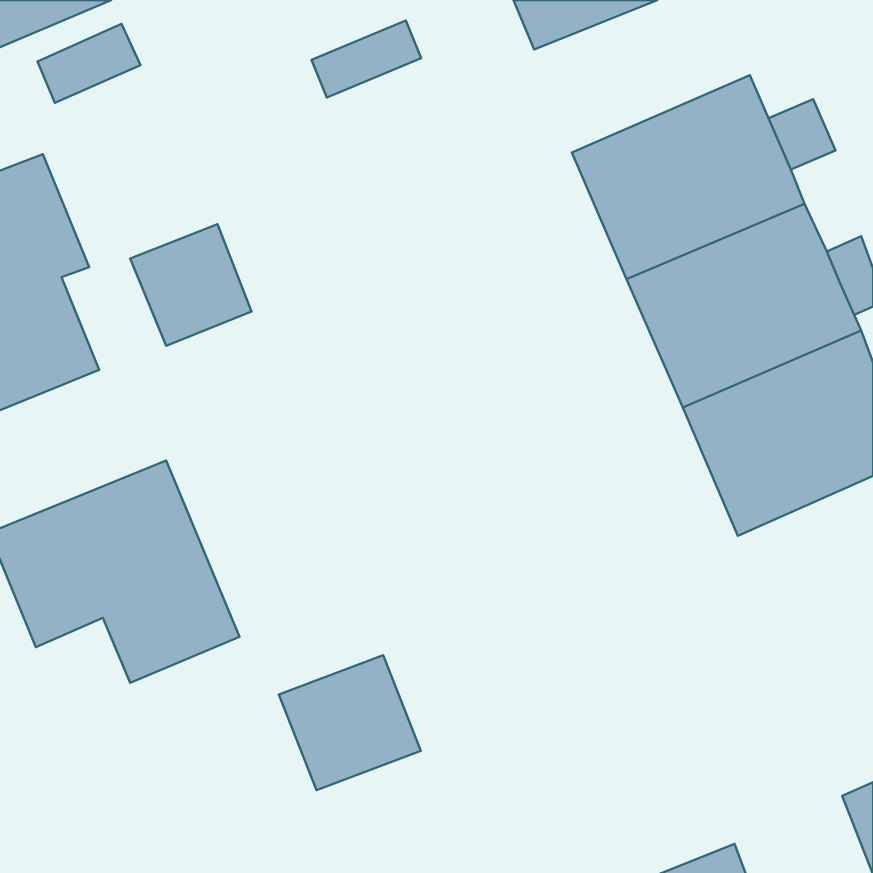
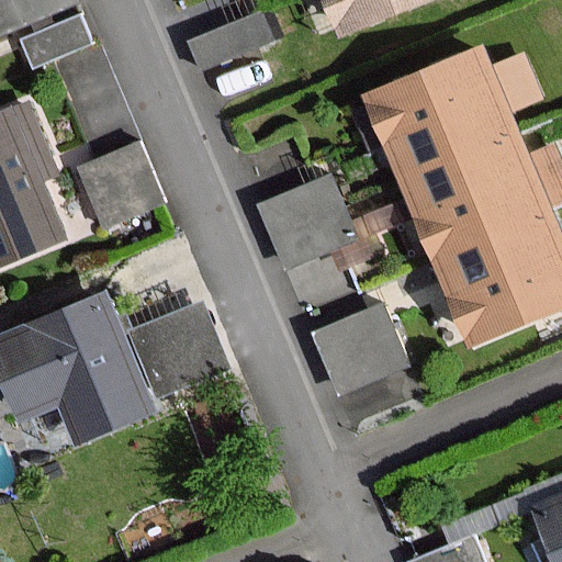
building: none -> [257,172,360,274]
building: none -> [310,303,408,396]
building: [279,655,421,790] -> [135,306,226,393]

